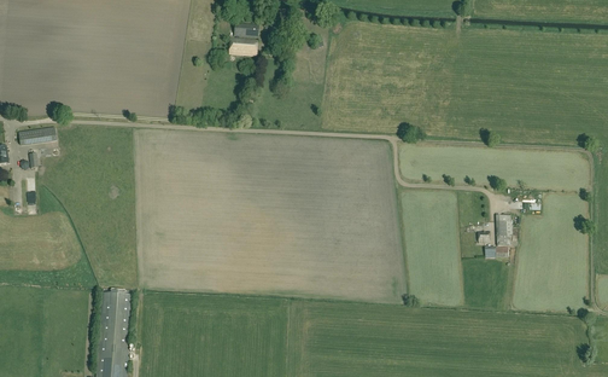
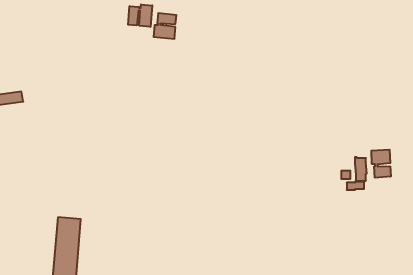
building: none -> [128,4,152,27]
building: none -> [371,150,391,178]

